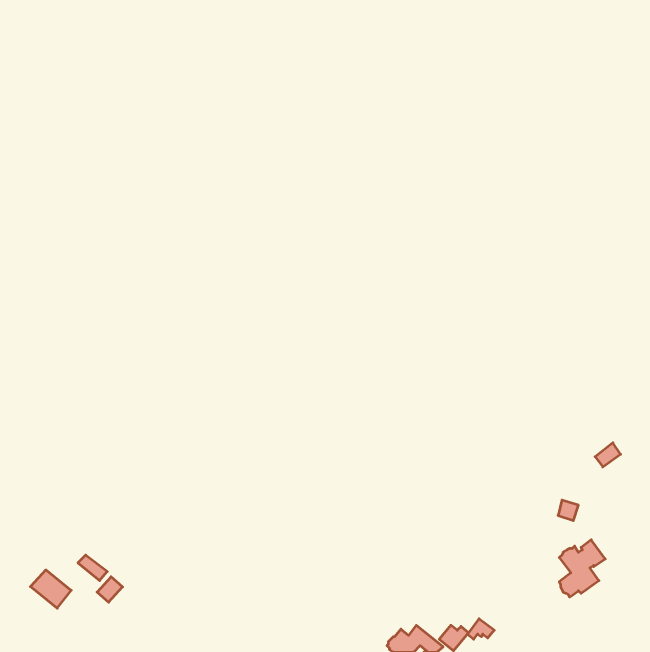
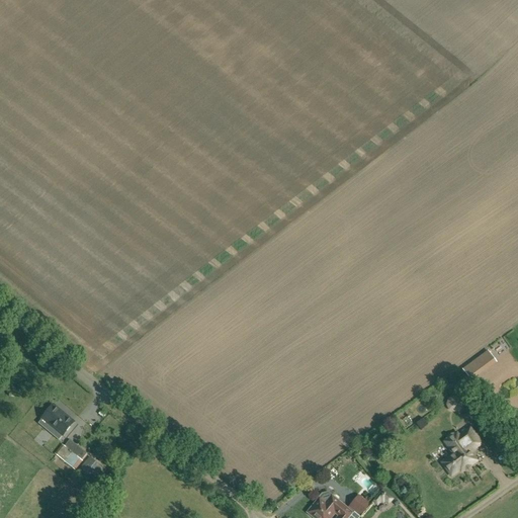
building: [30,570,71,608] -> [39,406,72,436]

